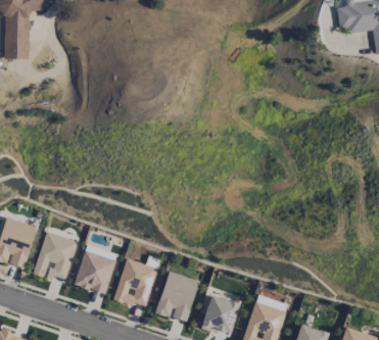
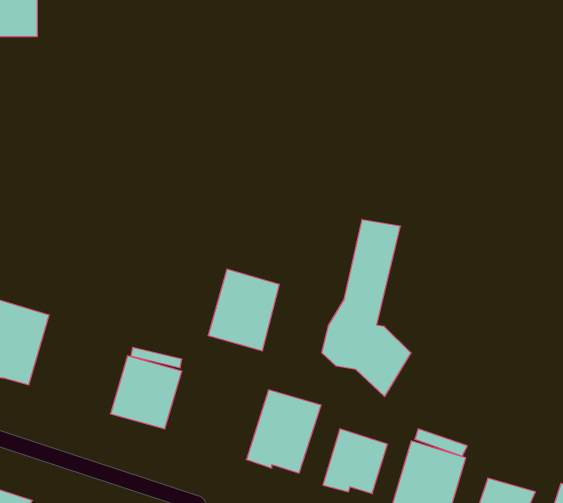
building: none -> [322,219,411,396]
building: [34,231,78,282] -> none
building: [114,258,157,307] -> [208,269,279,351]

